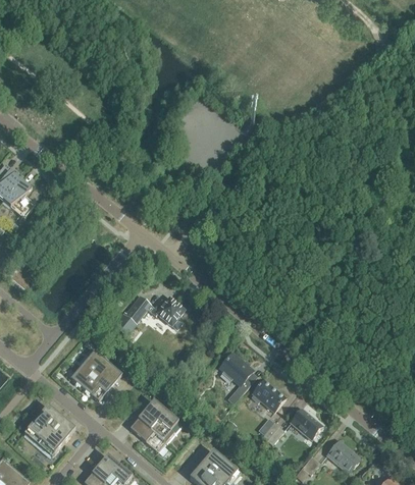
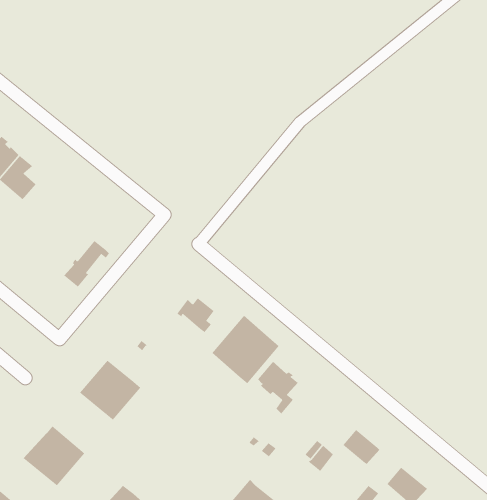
building: [114,295,153,335] -> [64,240,110,288]
building: none -> [212,315,280,384]
building: [251,379,284,412] -> none
building: [128,400,180,451] -> none

